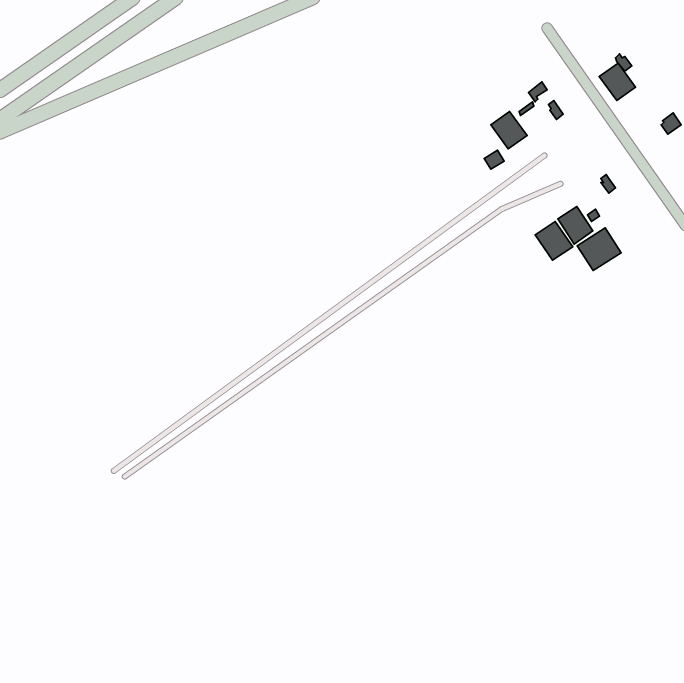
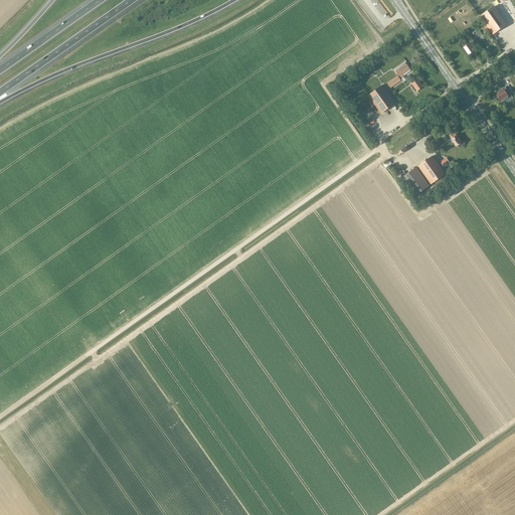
building: [599,63,635,101] -> [481,5,508,33]
building: [577,228,621,271] -> none

